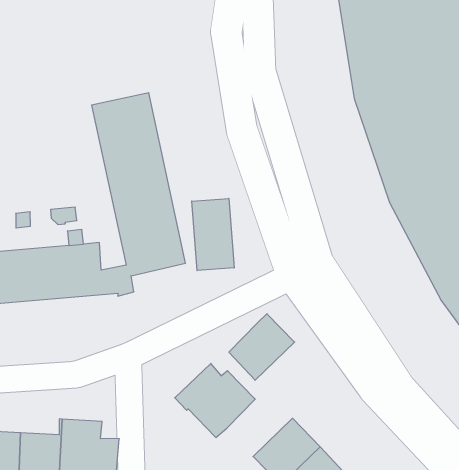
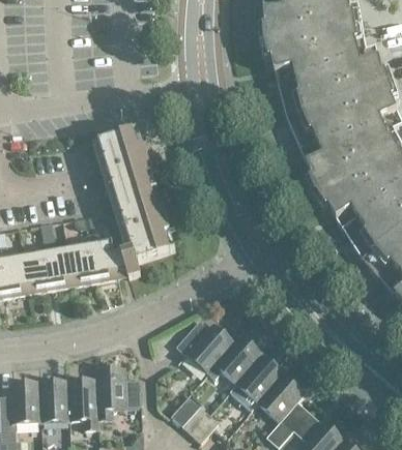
building: [192,198,234,271] -> none
building: [229,314,295,380] -> [216,334,262,383]

